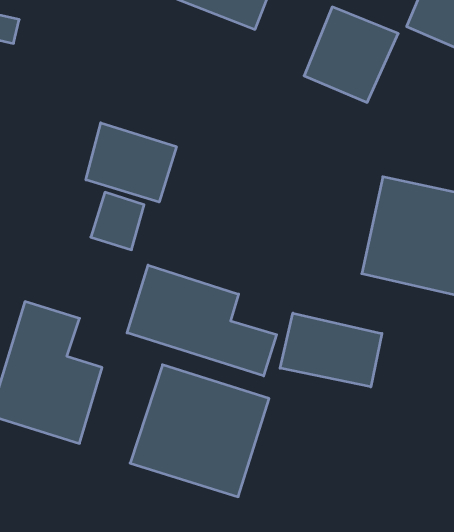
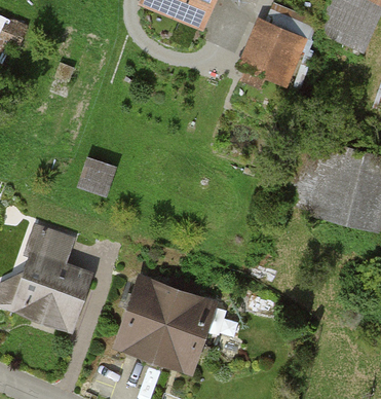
building: [86,123,176,202] -> none
building: [127,265,277,376] -> none
building: [280,313,382,387] -> none

